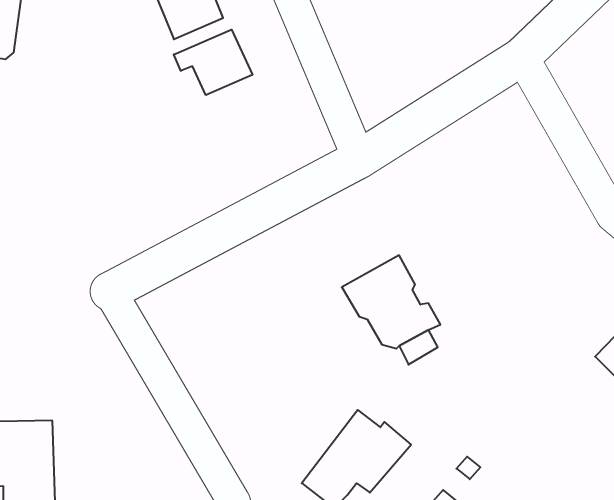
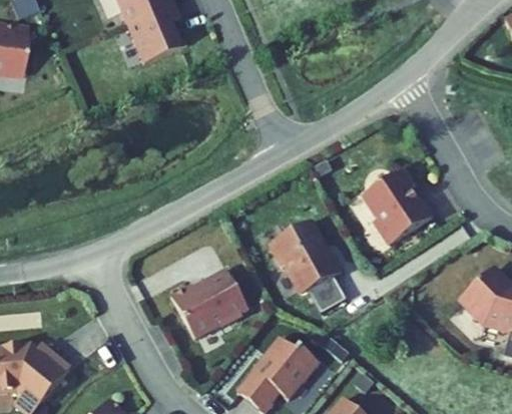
building: [174,30,252,95] -> none
building: none -> [364,168,434,245]
building: none -> [172,270,249,340]

